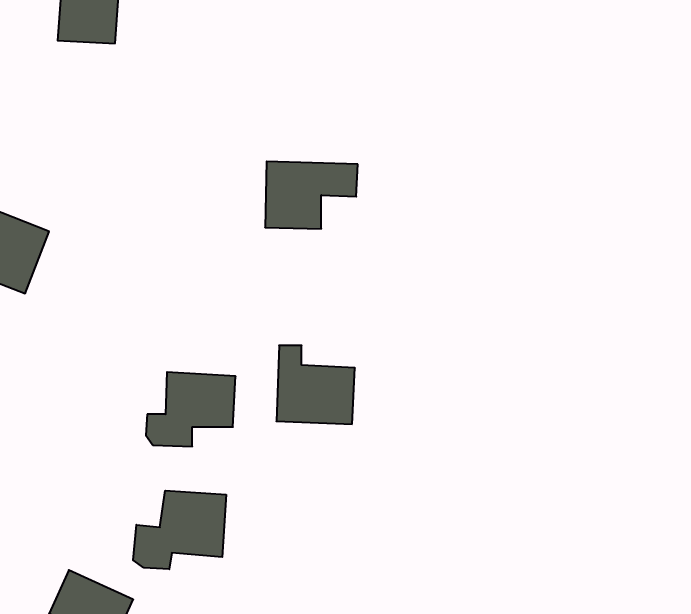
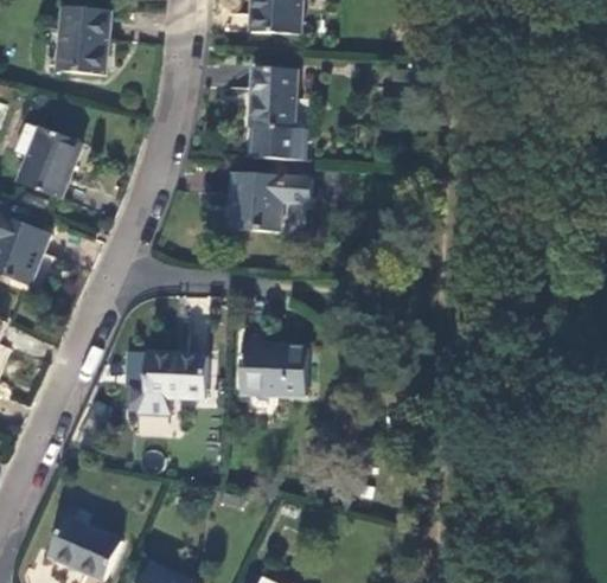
building: none -> [249,66,305,160]
building: none -> [17,126,81,199]
building: [133,491,226,569] -> none

